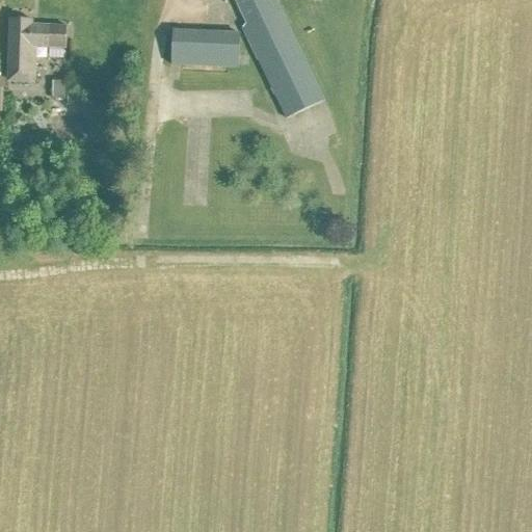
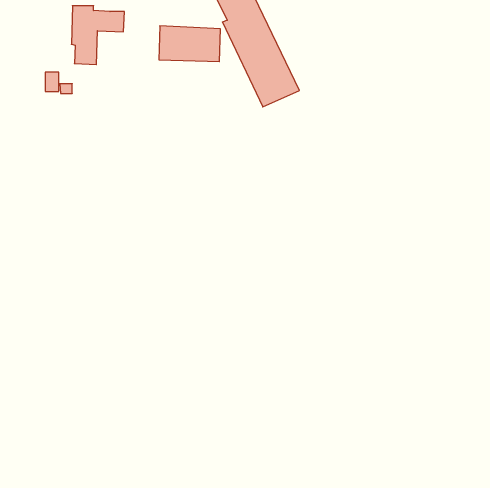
building: [6,17,63,80] -> [71,6,124,65]

